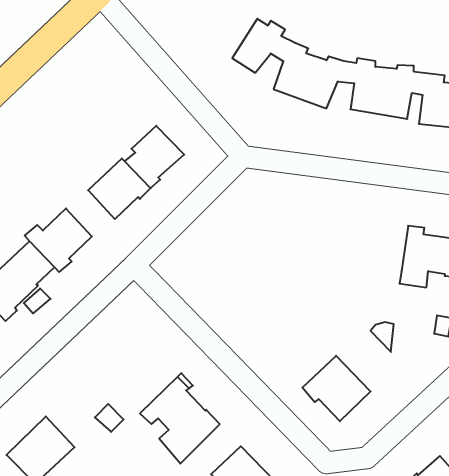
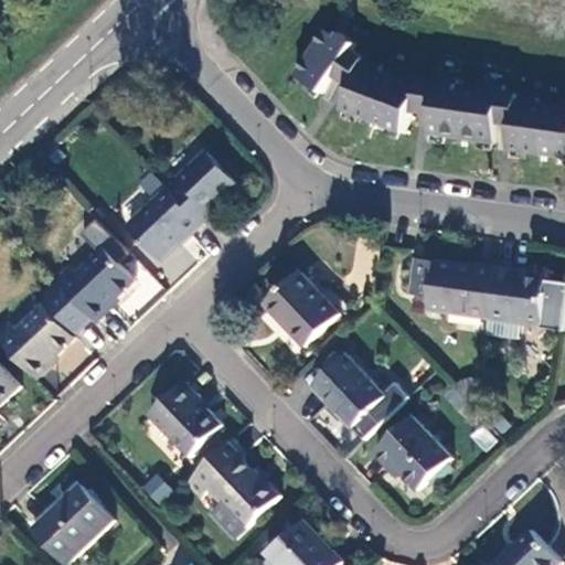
building: none -> [408,258,494,319]
building: none -> [264,273,338,347]
building: none -> [311,354,407,439]
building: none -> [147,381,222,457]

